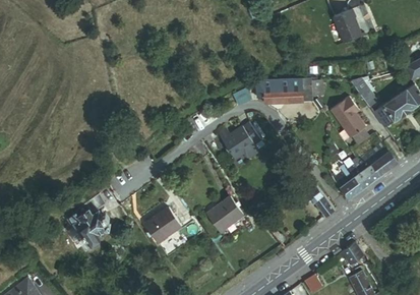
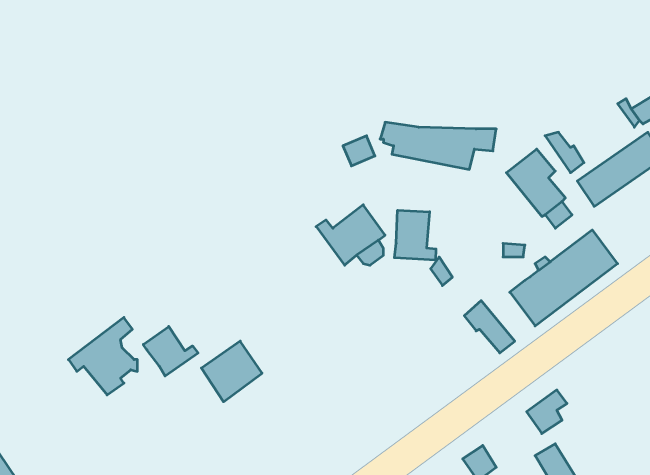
building: [332,10,360,43] -> none
building: none -> [394,210,436,260]
building: none -> [143,326,198,376]
building: [209,200,245,235] -> none

